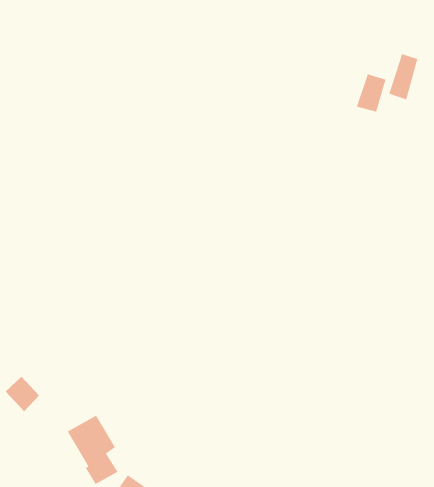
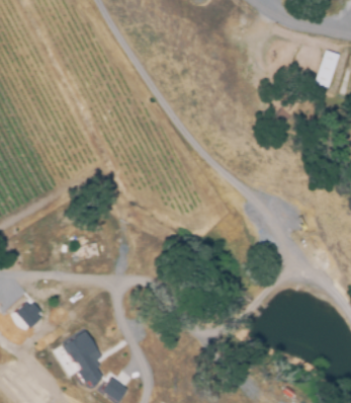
building: [356,73,386,113] -> none

